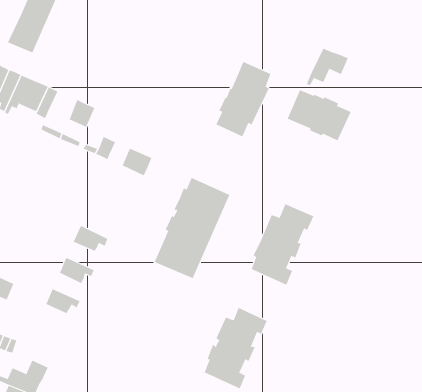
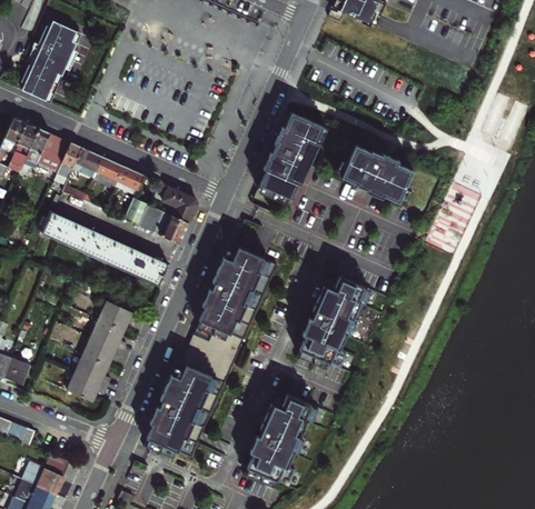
building: [306,48,348,86] -> none
building: none -> [70,147,101,179]
building: none -> [113,166,142,194]
building: none -> [151,182,196,222]
building: none -> [40,211,167,285]
building: none -> [89,318,125,350]
building: none -> [147,341,234,457]
building: none -> [73,353,109,386]

